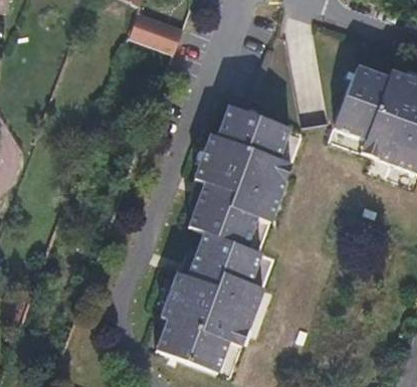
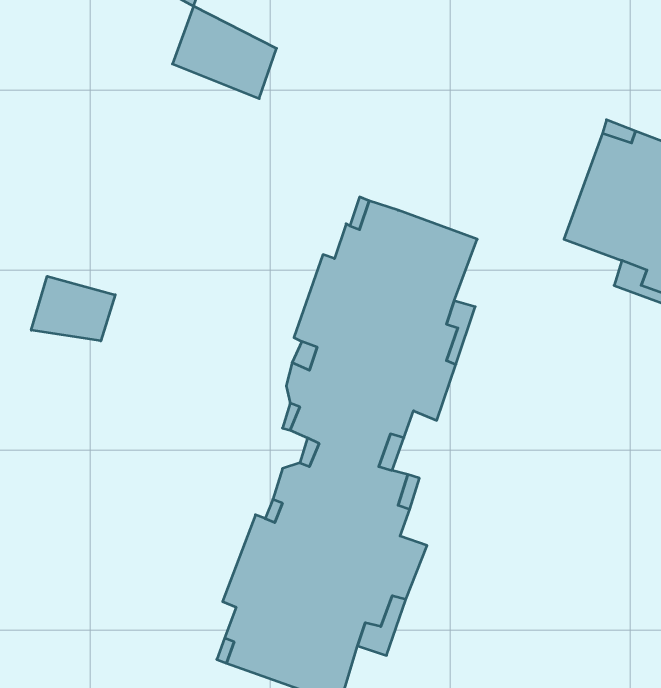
building: none -> [31,276,115,341]

